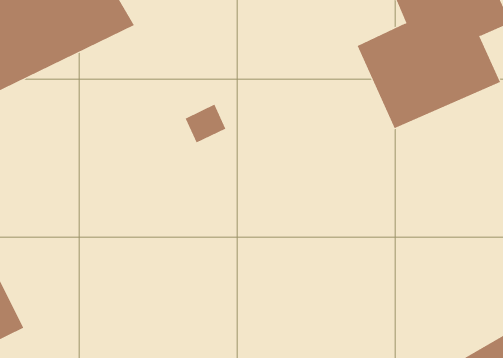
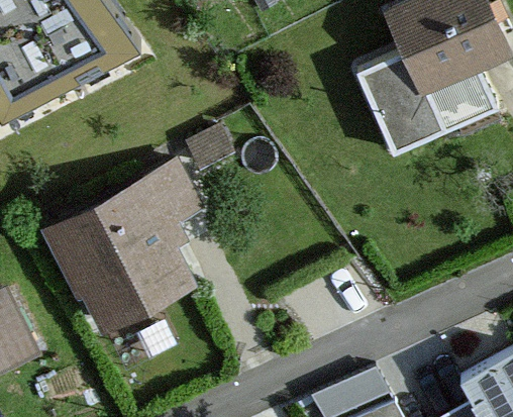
building: none -> [52,165,198,322]

